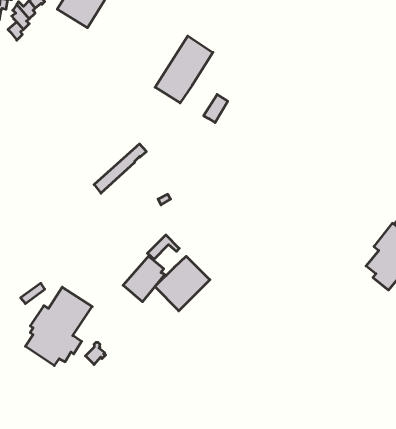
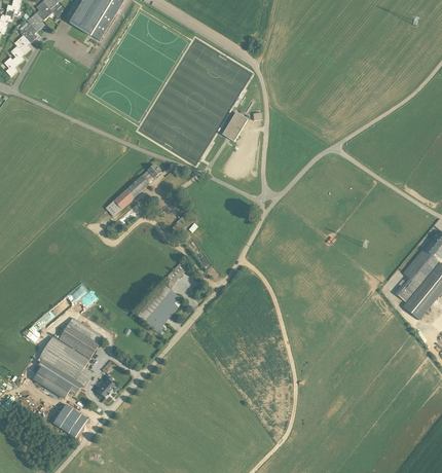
building: [155,36,213,103] -> none
building: [155,256,210,311] -> none
building: none -> [53,403,87,437]

